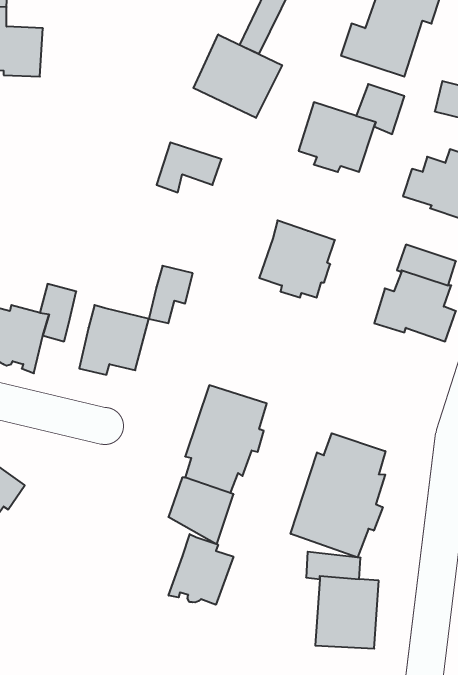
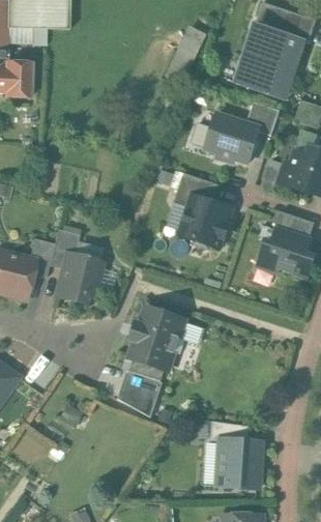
building: [193,34,282,118] -> none
building: [157,142,222,192] -> [174,173,218,207]
building: [149,266,193,323] -> [49,229,79,268]
building: [291,433,385,557] -> none
building: [169,534,233,605] -> none

